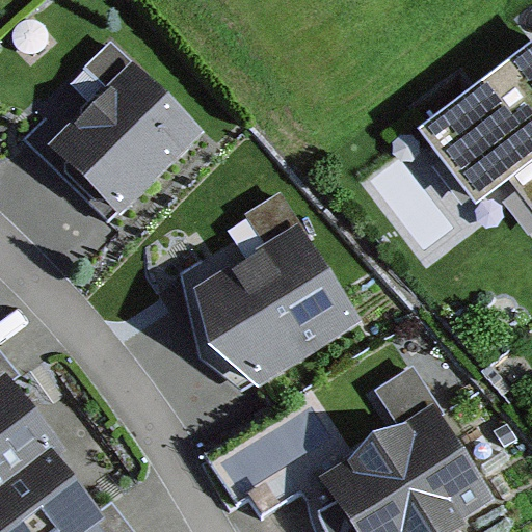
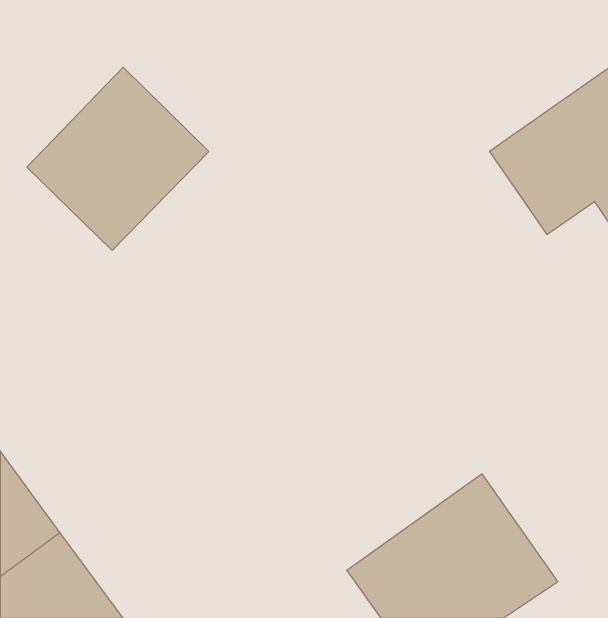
building: [188,225,357,388] -> none

